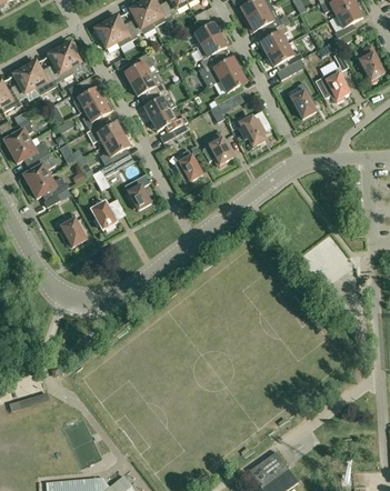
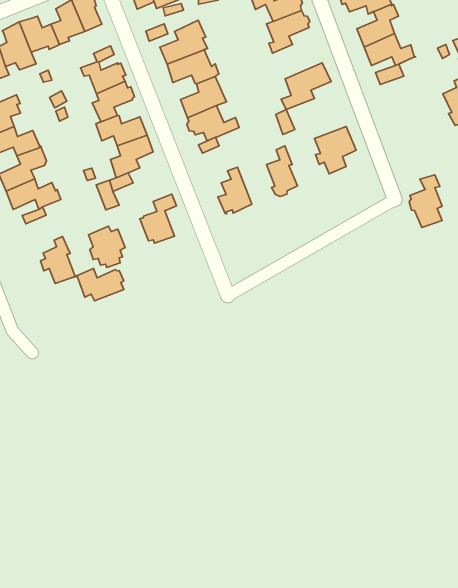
building: [202,56,238,83] -> none
building: [290,79,314,117] -> [409,175,442,228]
building: none -> [72,268,124,301]

